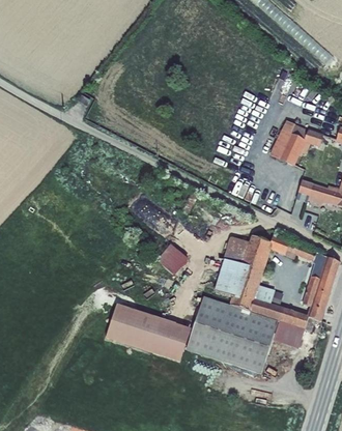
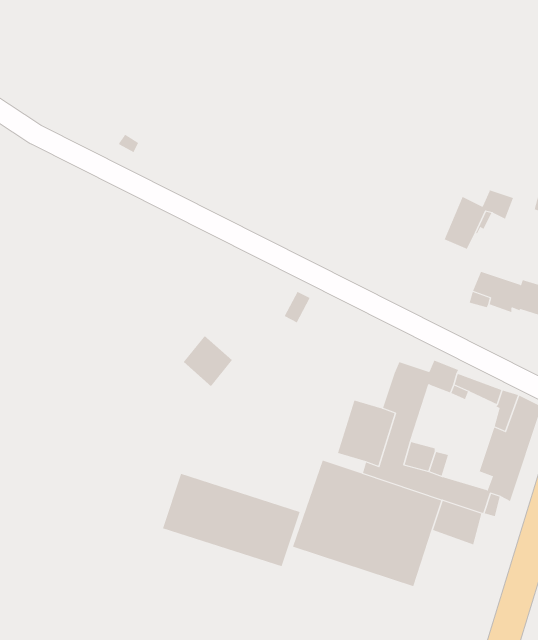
building: [269,120,308,160] -> none
building: [223,236,249,264] -> none
building: [156,243,188,276] -> [183,335,233,387]

